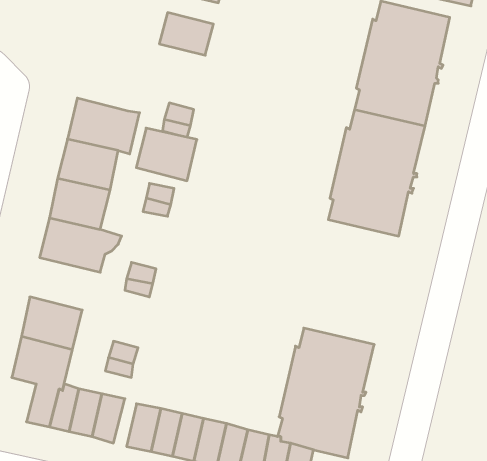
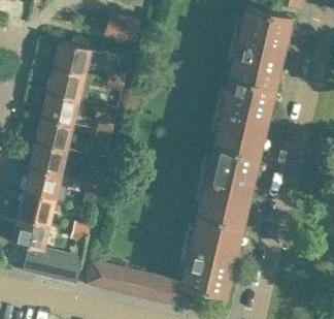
building: [136,128,197,181] -> [54,42,92,75]
building: none -> [196,143,256,222]
building: none -> [24,167,70,201]

